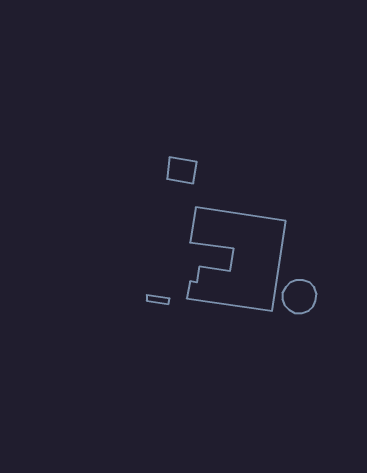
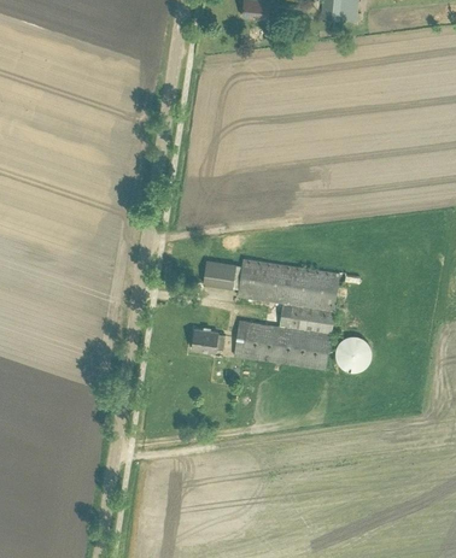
building: [167,157,197,183] -> [203,260,234,288]
building: none -> [191,329,228,353]

